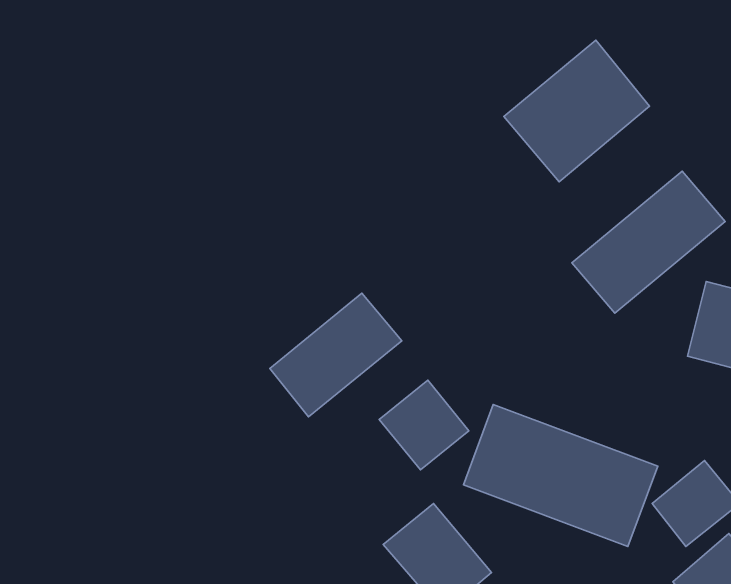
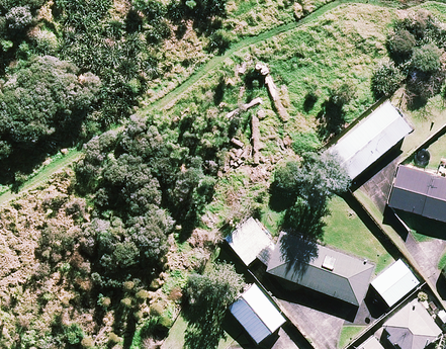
building: [504,40,650,182] -> none
building: [270,293,402,417] -> none

